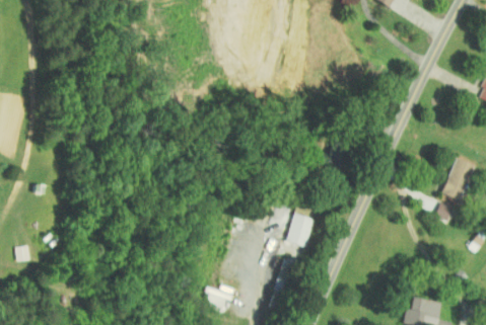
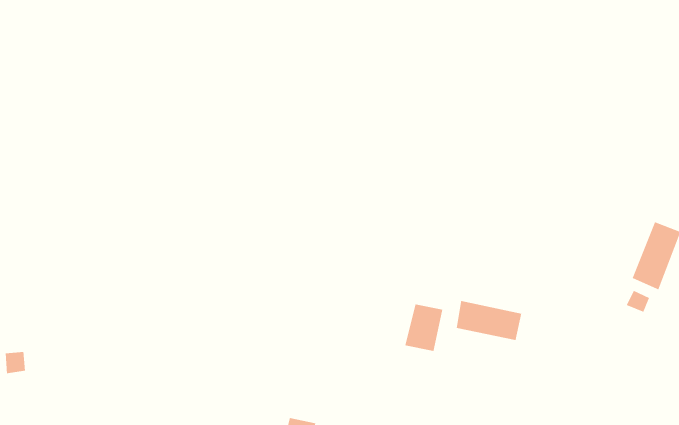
building: none -> [456,300,522,341]

